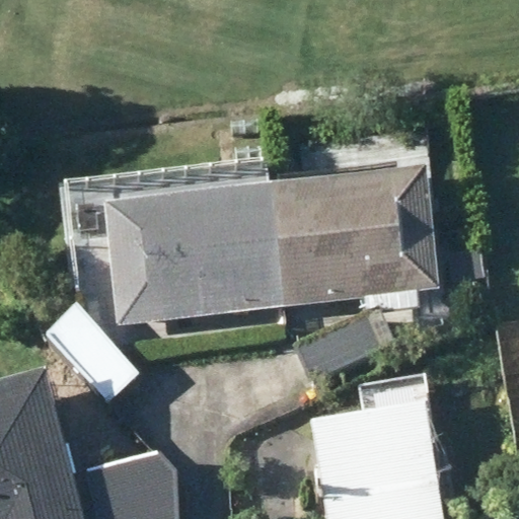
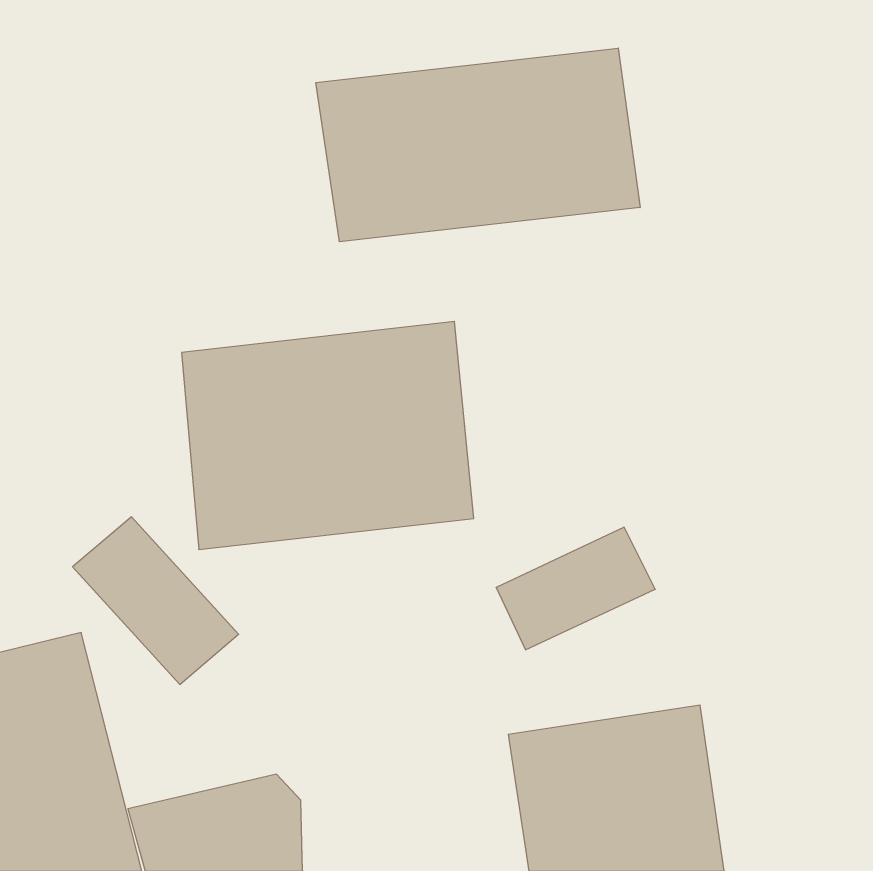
building: none -> [316,48,640,242]
building: [267,170,439,304] -> none

